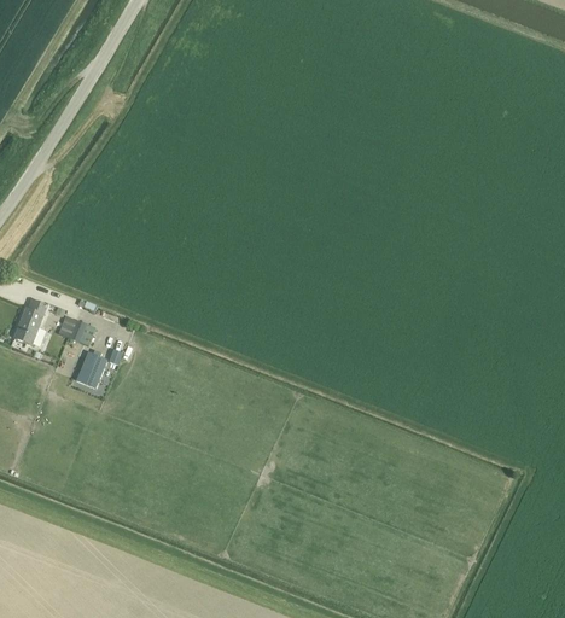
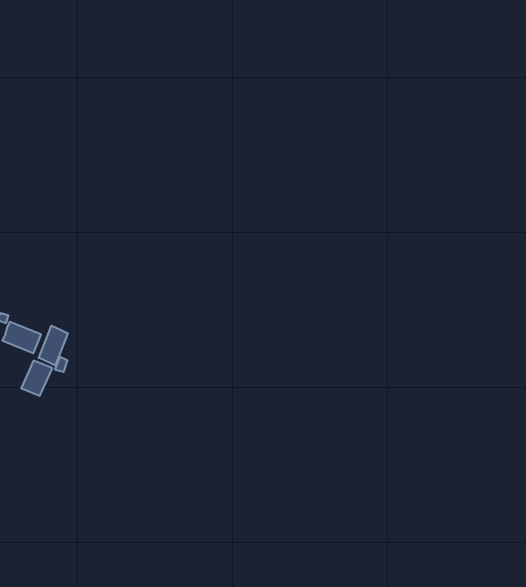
building: none -> [39,326,68,366]

